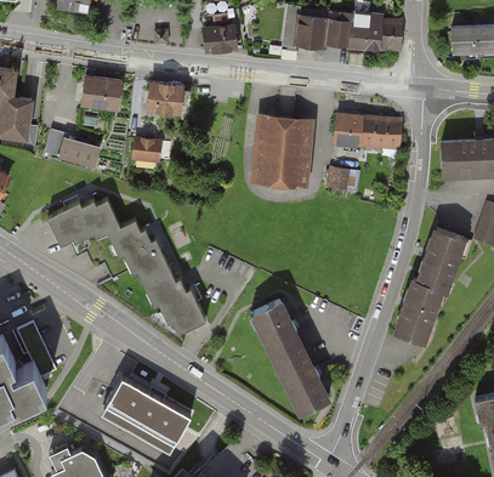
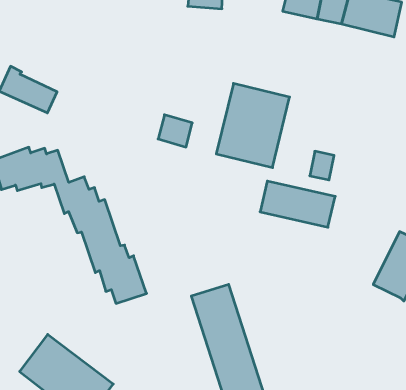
building: [79,76,120,112] -> none
building: [146,83,182,115] -> none
building: [334,115,401,149] -> [260,181,335,227]
building: [132,137,161,164] -> [158,115,192,147]
building: [392,280,441,342] -> none

